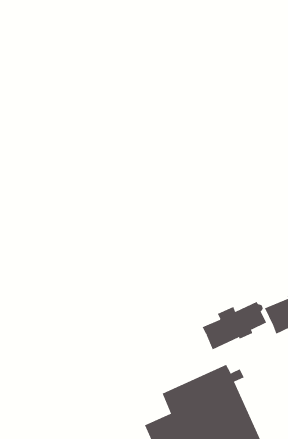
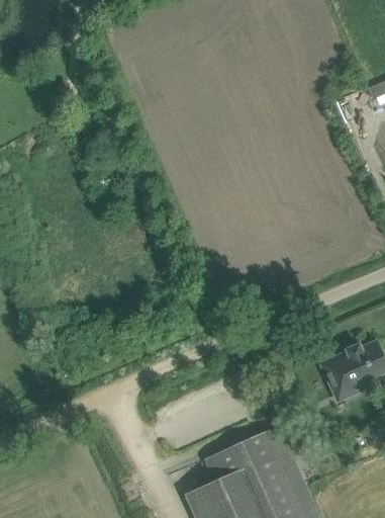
building: [202,301,267,350] -> none

